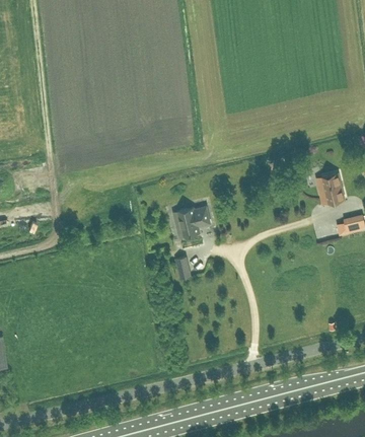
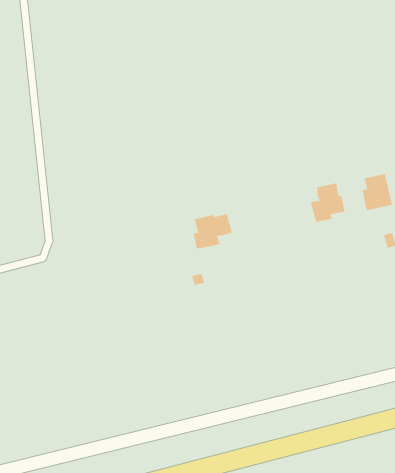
building: none -> [310,183,345,223]

